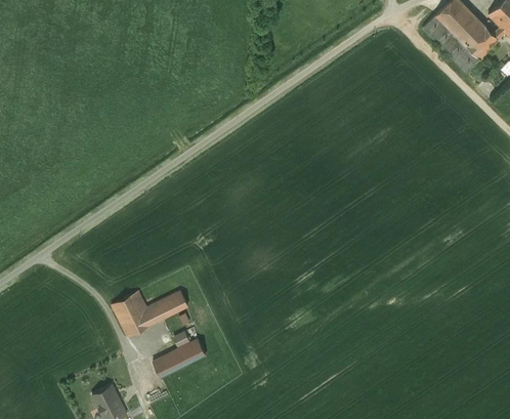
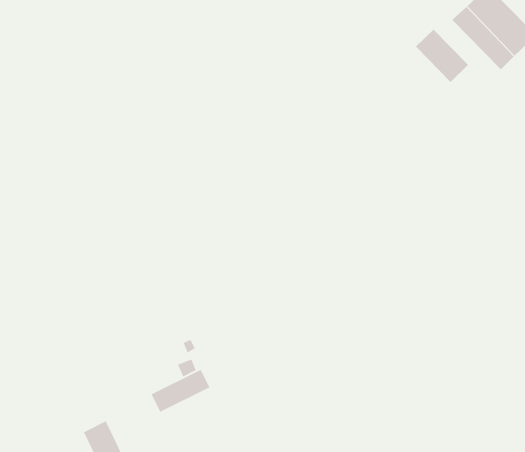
building: none -> [415,29,469,83]
building: [112,290,187,335] -> none

